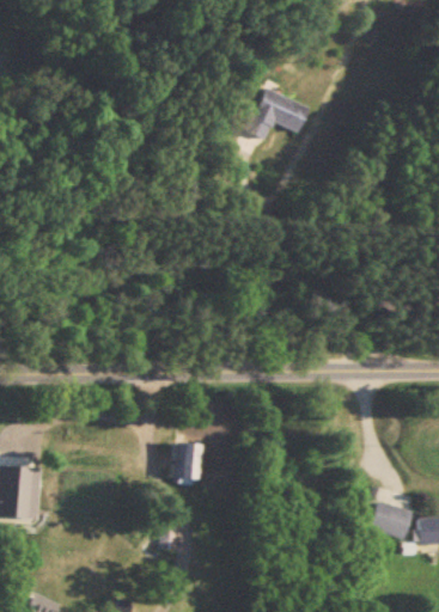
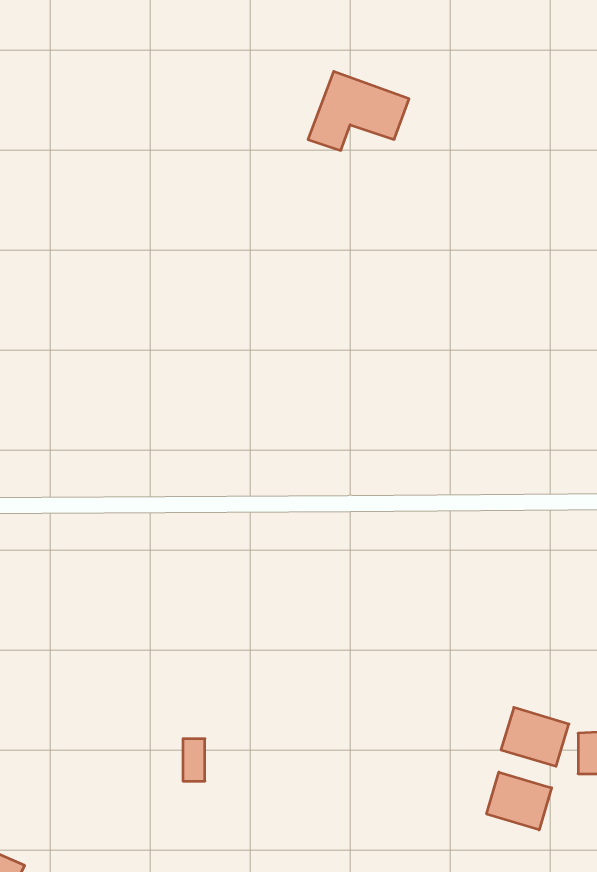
building: [172,445,202,481] -> none
building: none -> [487,772,552,830]

